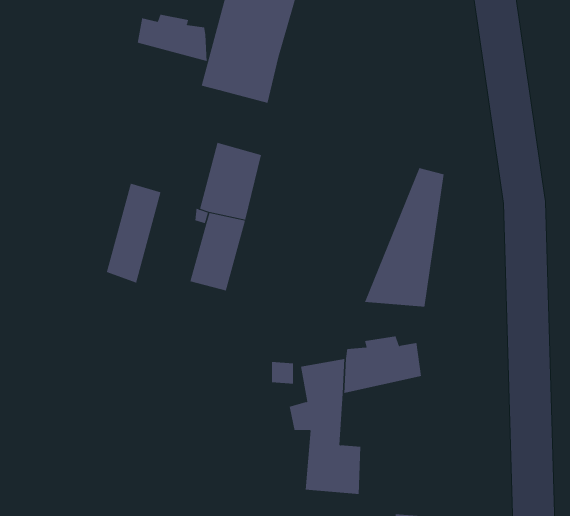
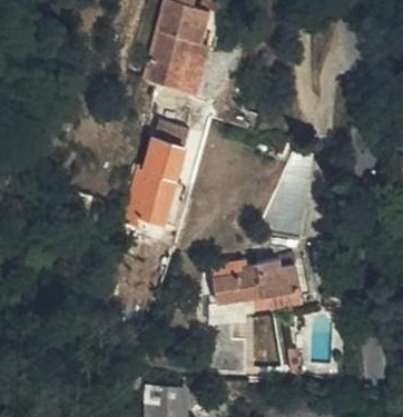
building: [137,14,207,62] -> none
building: [106,183,161,283] -> none

